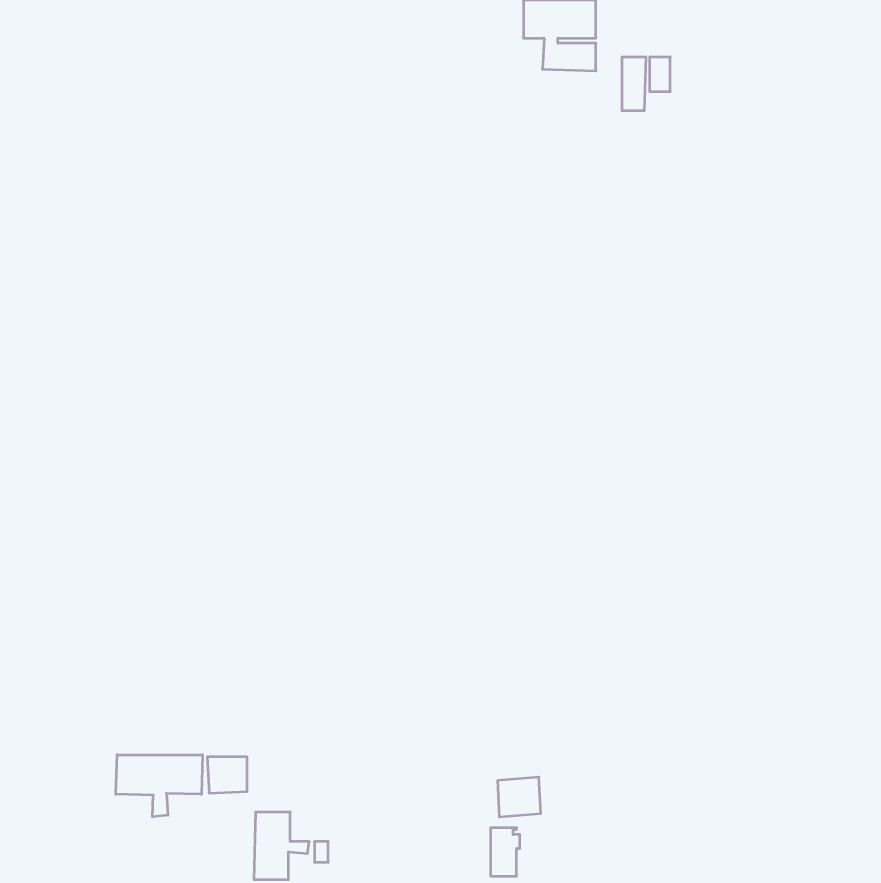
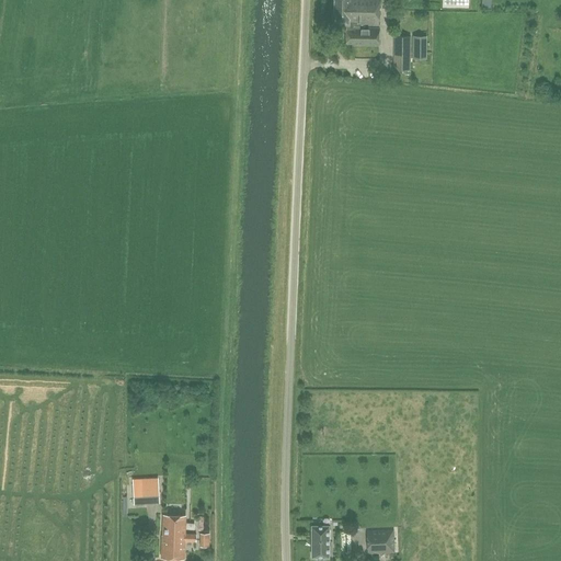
building: [116,755,203,817] -> none
building: [498,777,541,817] -> [366,528,393,553]

